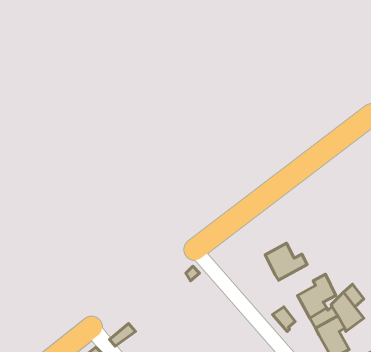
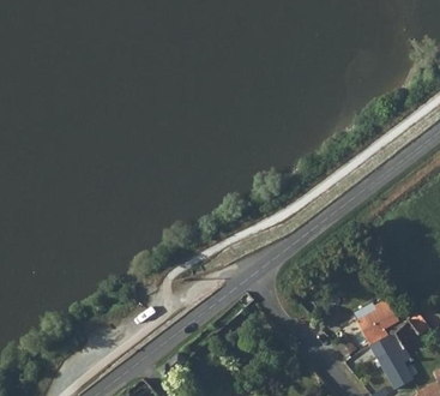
building: [265,243,307,280] -> none

